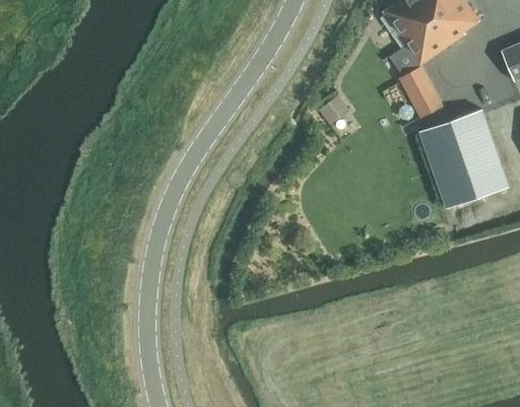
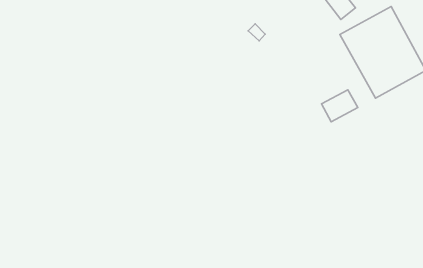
building: none -> [322,90,358,122]

